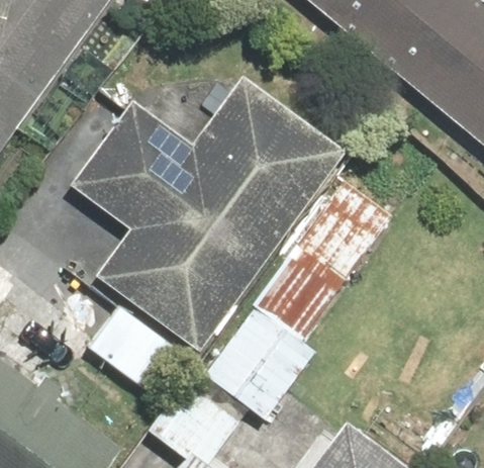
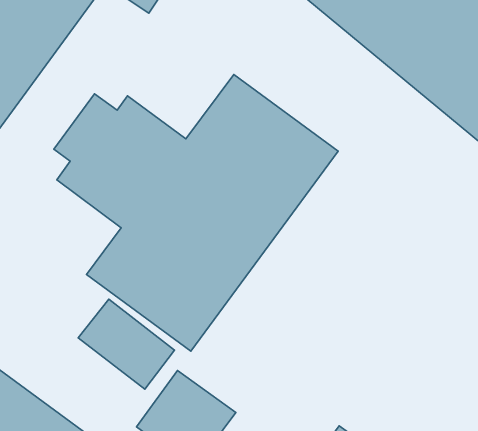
building: [204,179,393,422] -> none

